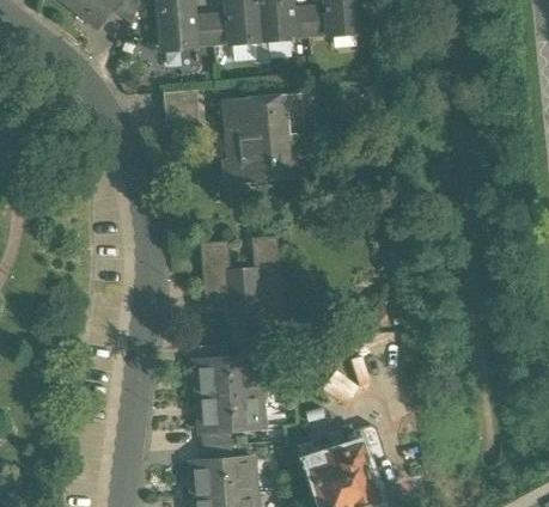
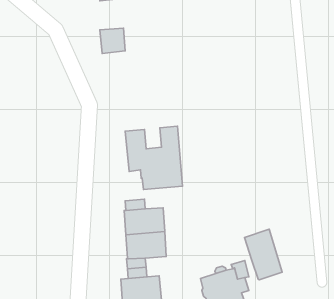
building: [225,94,307,173] -> none
building: none -> [245,229,282,280]

